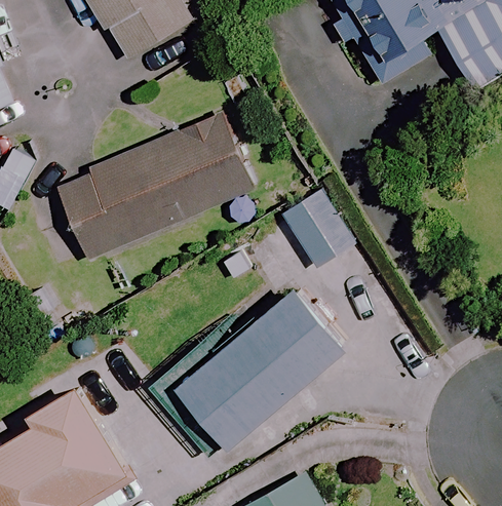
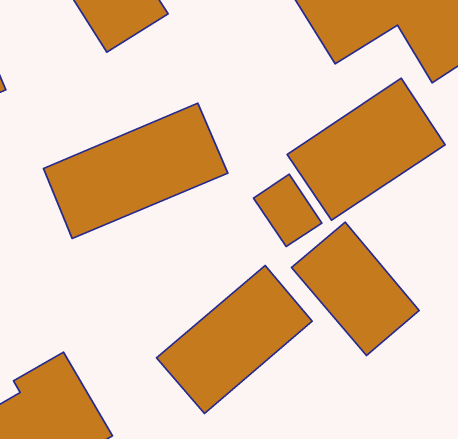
building: none -> [287,78,445,220]
building: none -> [292,222,419,356]

